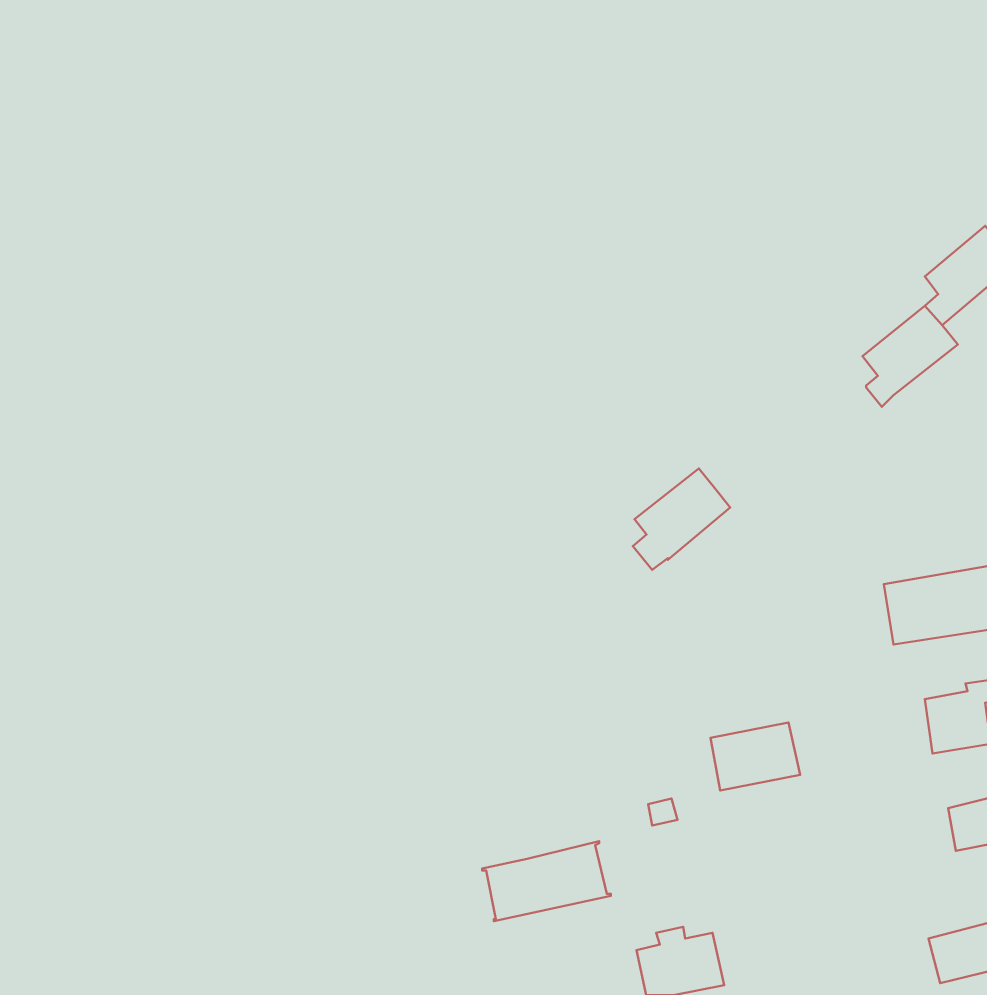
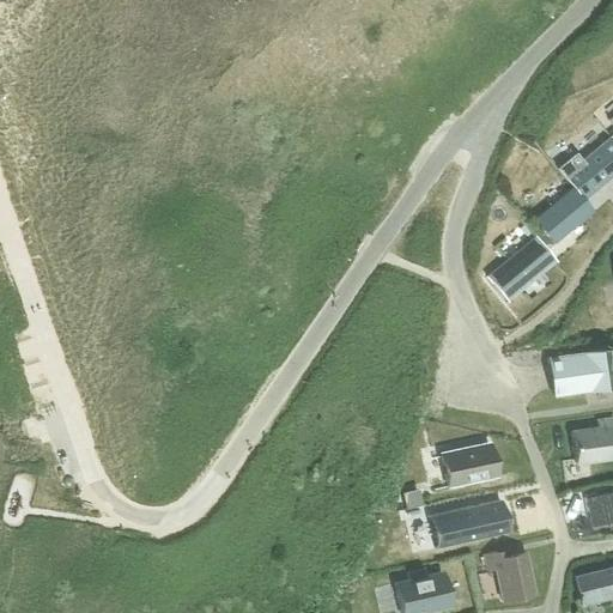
building: [633,468,730,570] -> [497,238,557,301]
building: [482,841,611,921] -> [430,499,509,548]
building: none -> [487,552,535,601]

